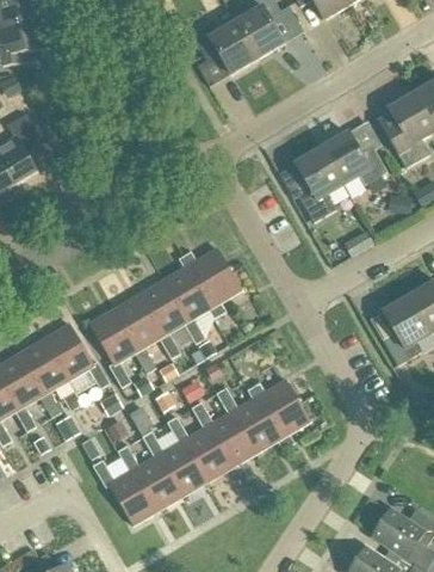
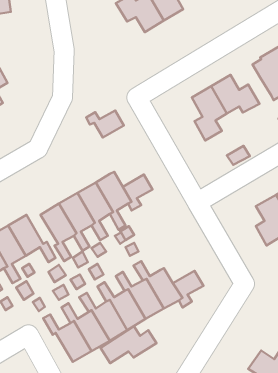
building: [178,248,229,285] -> [86,111,124,138]
building: [246,379,298,417] -> none
building: none -> [101,326,157,363]

